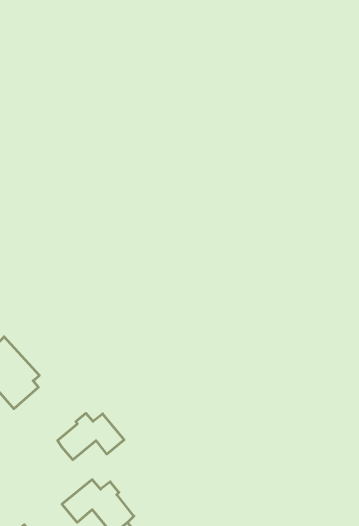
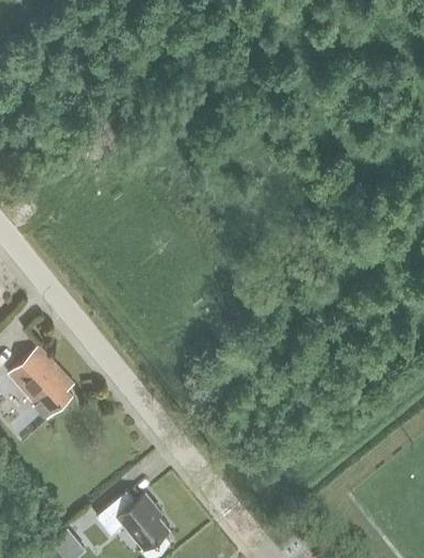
building: [58,413,124,460] -> none

